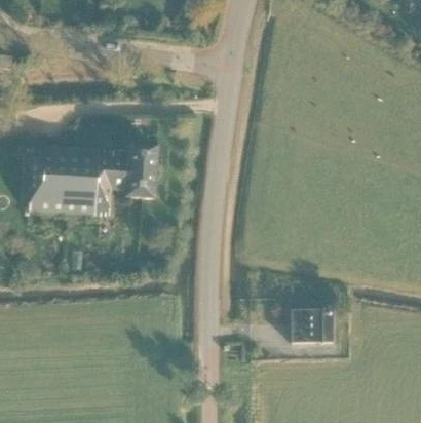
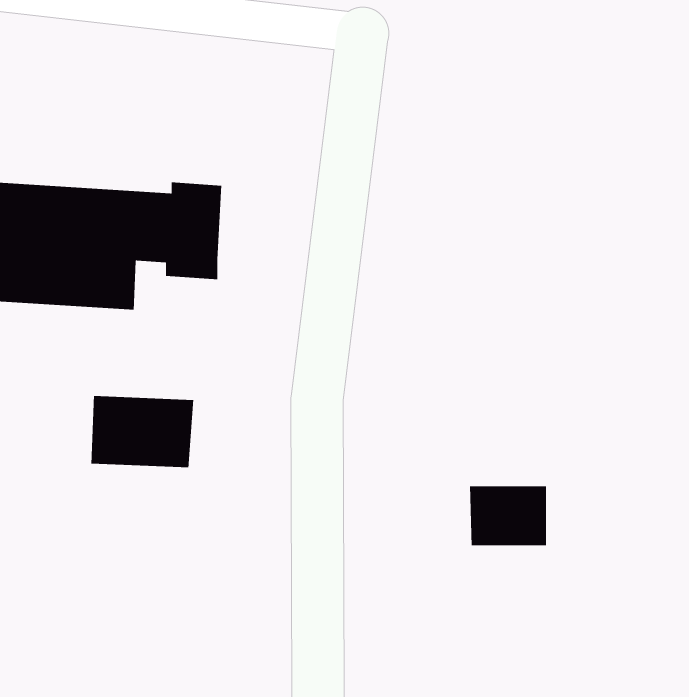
building: none -> [90,395,194,468]

